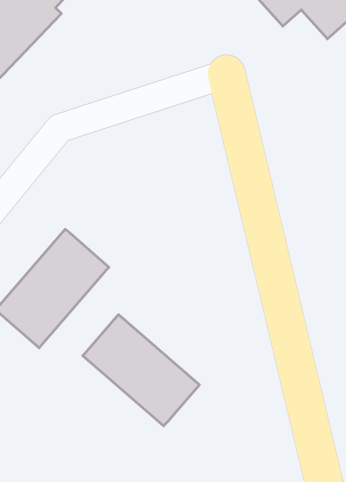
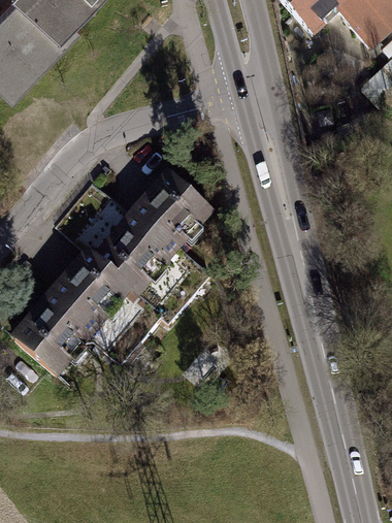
building: none -> [92,166,217,296]
building: [83,315,199,426] -> none

